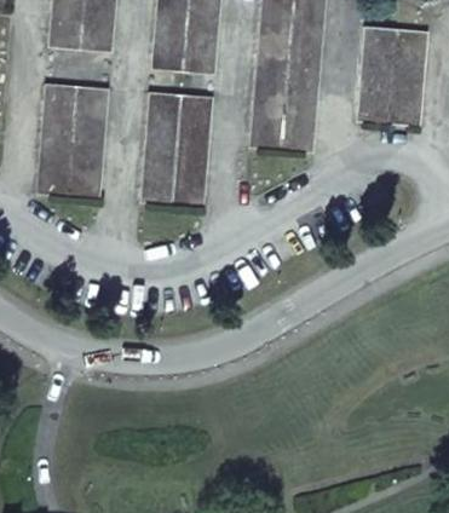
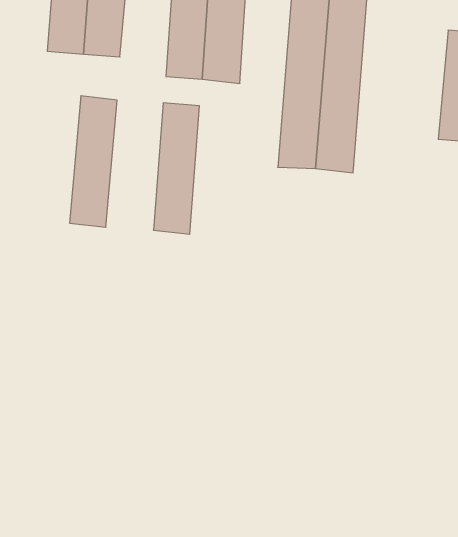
building: [356,25,396,122] -> none
building: [36,82,77,195] -> none
building: [172,93,213,207] -> none

